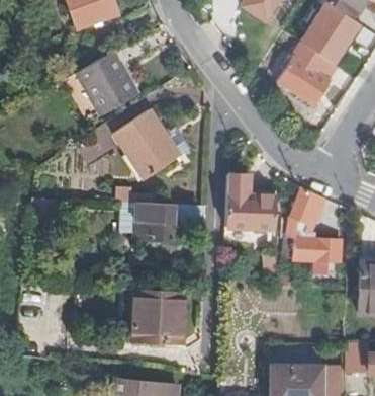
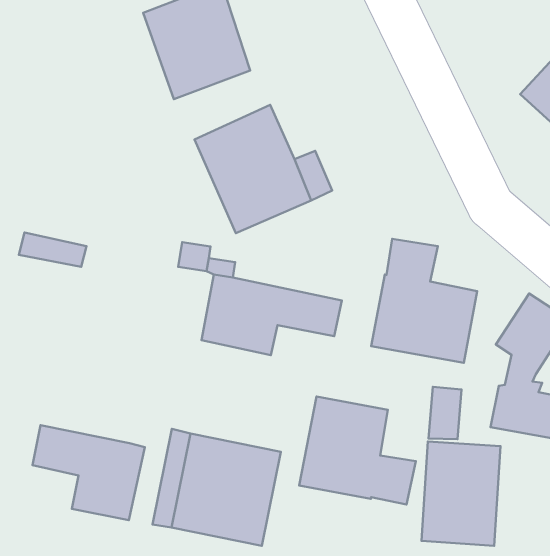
building: none -> [299,396,416,505]
building: none -> [422,442,501,546]
building: none -> [33,425,145,520]

